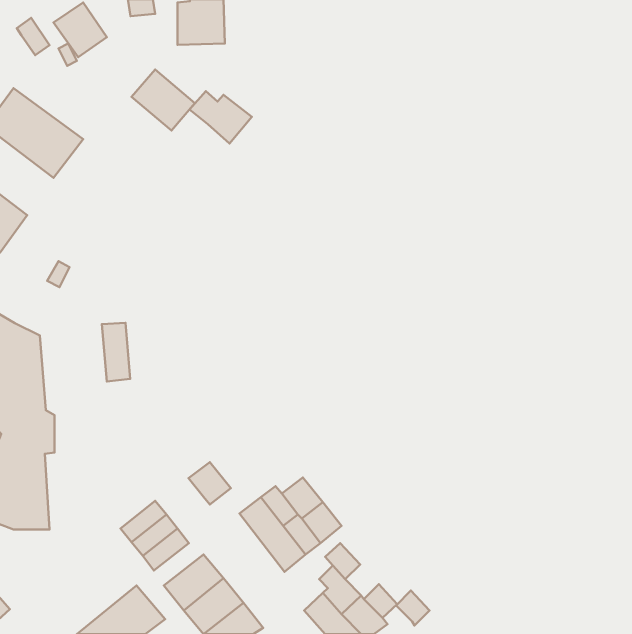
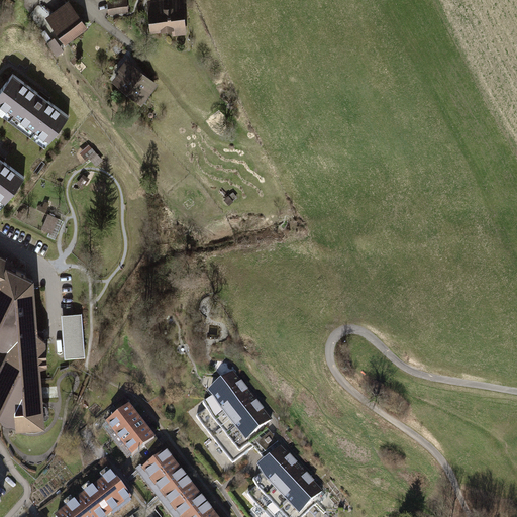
building: [17,18,49,55] -> none
building: [189,91,252,144] -> none
building: [102,323,130,381] -> [59,312,82,359]
building: [189,462,231,504] -> [212,367,246,401]
building: [396,591,430,625] -> [281,458,308,487]

